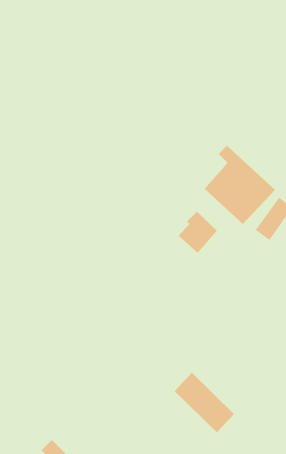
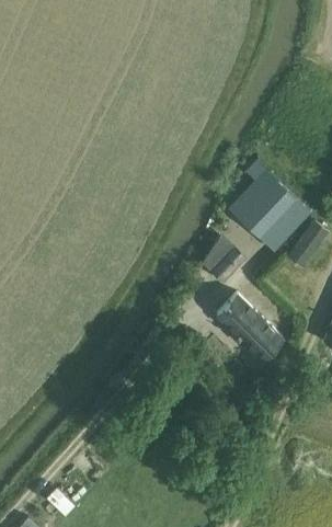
building: [174,372,235,433] -> [217,294,284,360]

